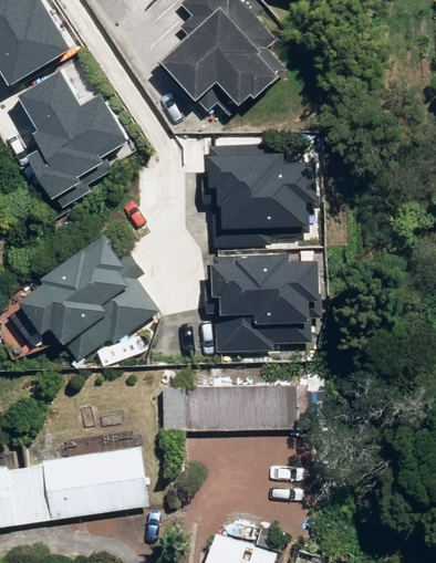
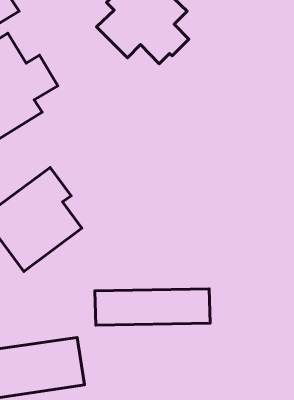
building: [209,142,321,222] -> none
building: [204,252,319,361] -> none

